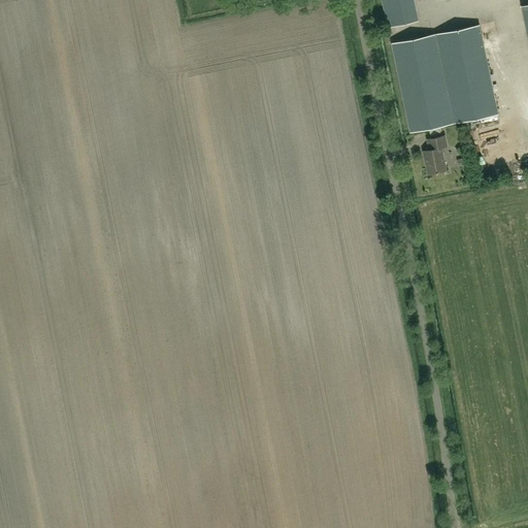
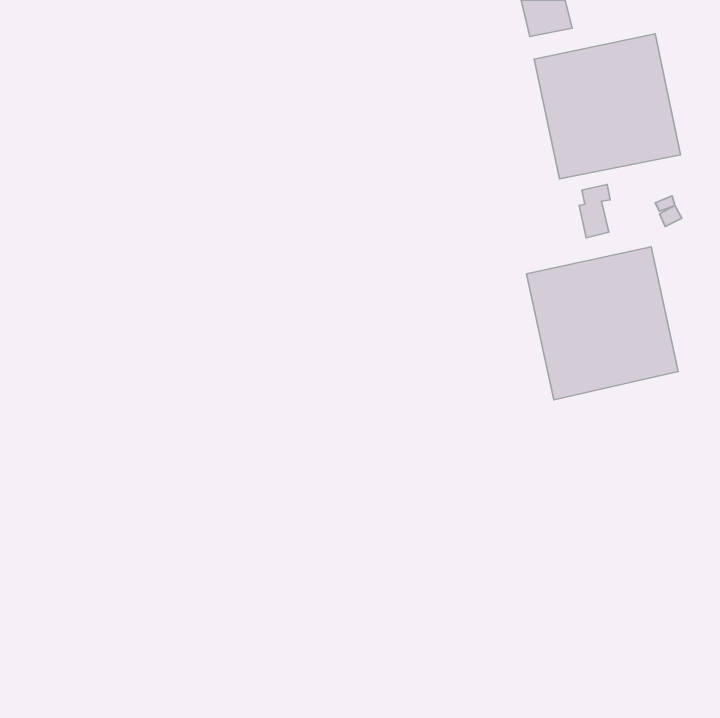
building: none -> [526,247,678,400]

